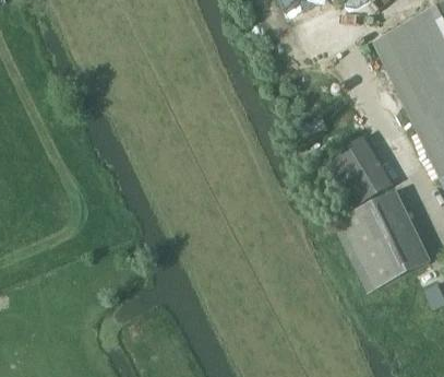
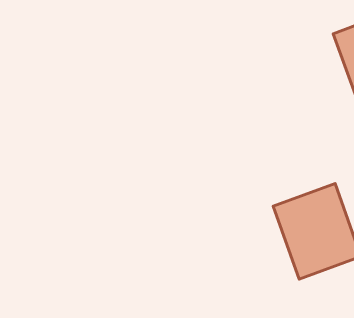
building: [316,137,391,213] -> none

